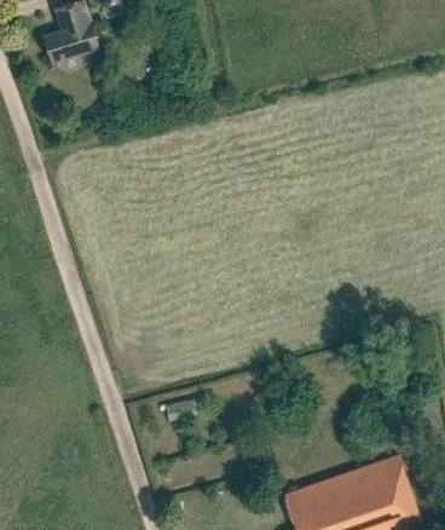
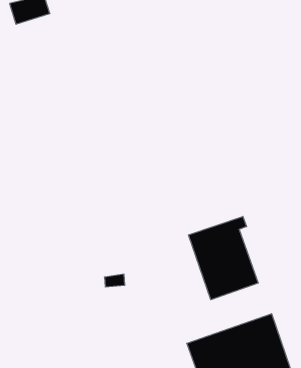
building: none -> [188,216,258,300]

